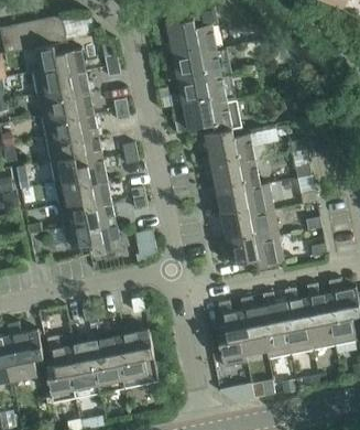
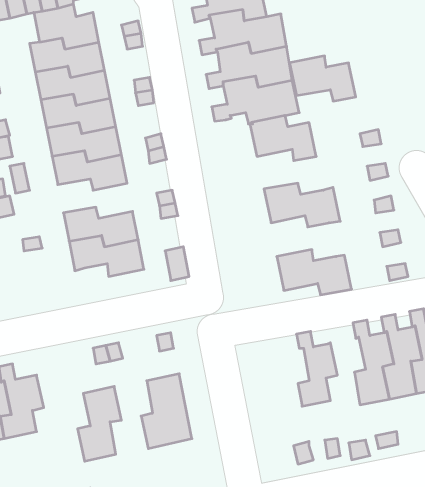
building: [209,154,261,190] -> [289,56,356,101]
building: [54,178,112,208] -> none
building: [220,206,271,241] -> none
building: [262,292,294,358] -> none
building: [216,301,250,367] -> none
building: [46,335,79,402] -> none
building: [95,335,128,393] -> none

